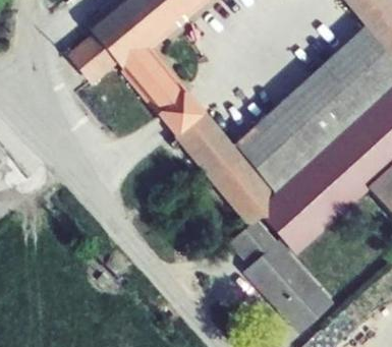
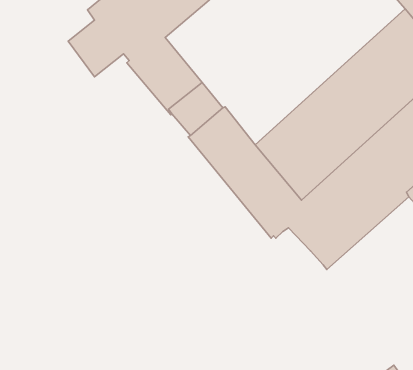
building: [230,219,336,334] -> none

